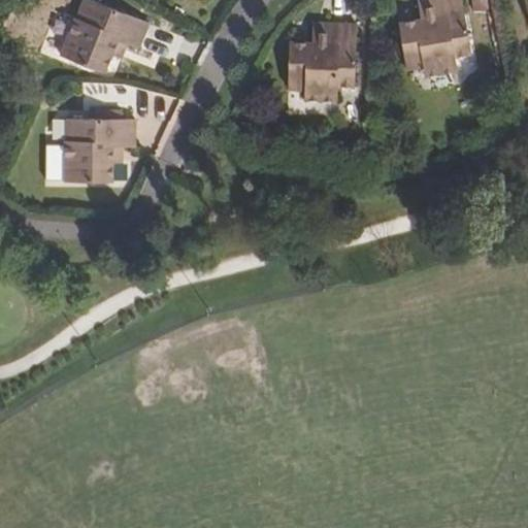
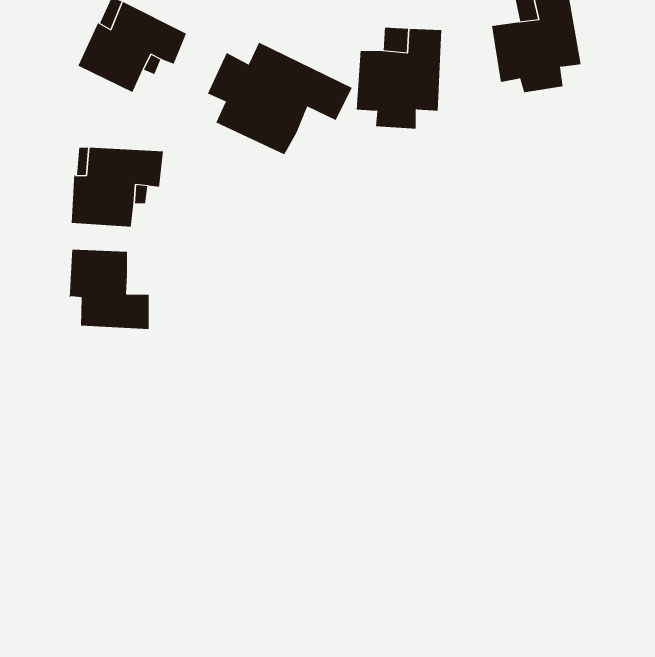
building: none -> [207,42,353,155]
building: none -> [69,249,149,330]

